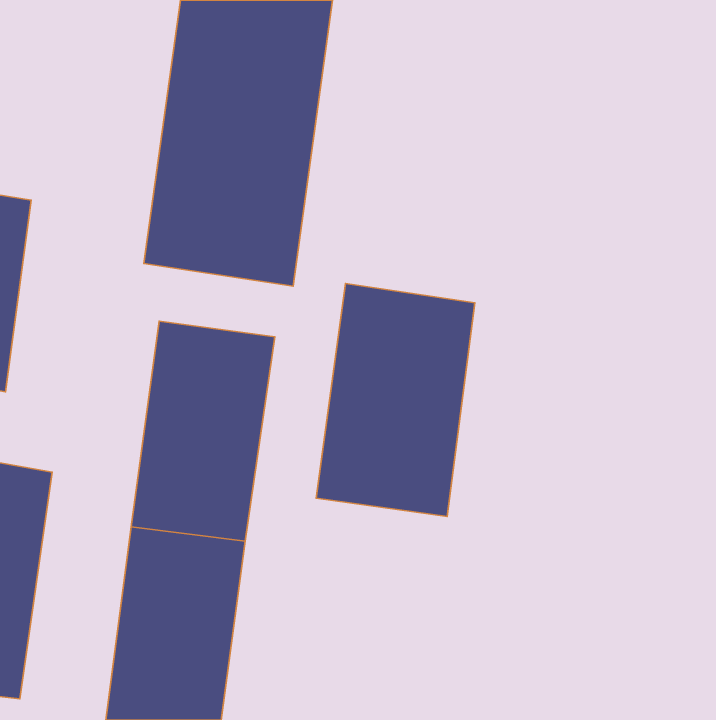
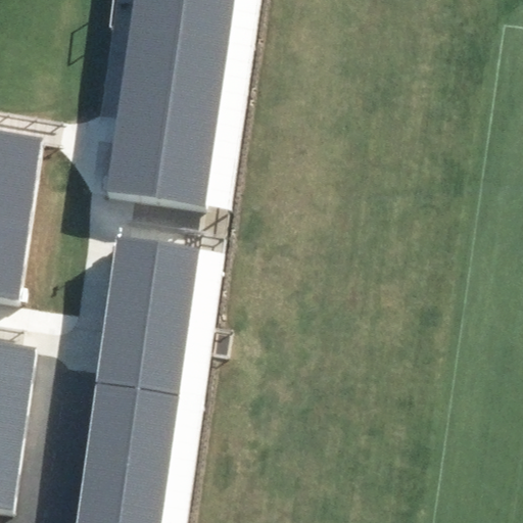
building: [316,284,475,516] -> none

